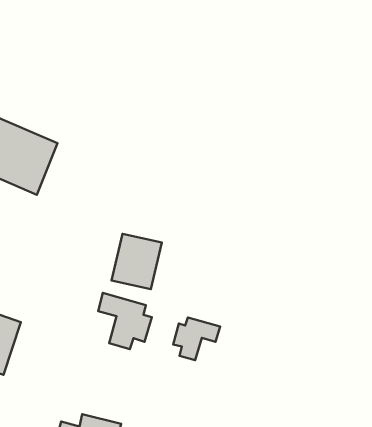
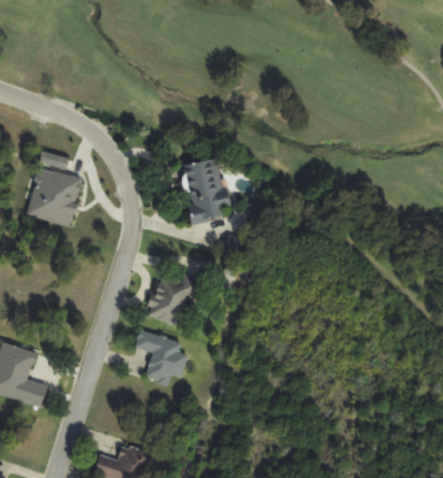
building: none -> [183,159,226,220]
building: [173,317,220,360] -> none

